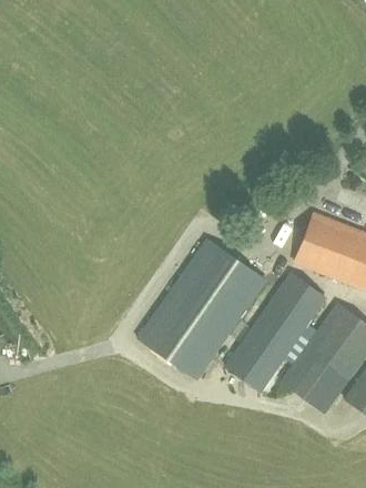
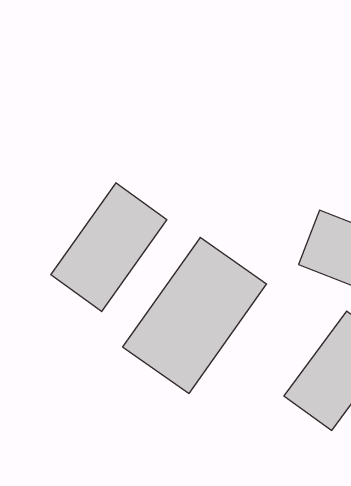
building: none -> [51,183,167,312]
building: [226,273,326,392] -> none

